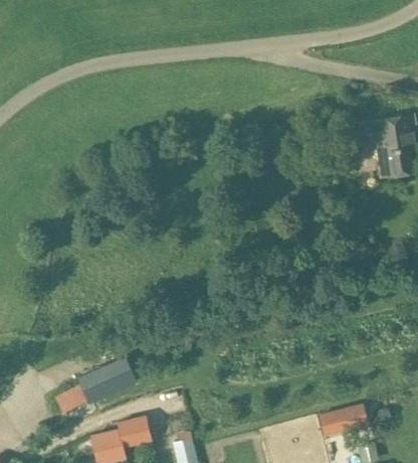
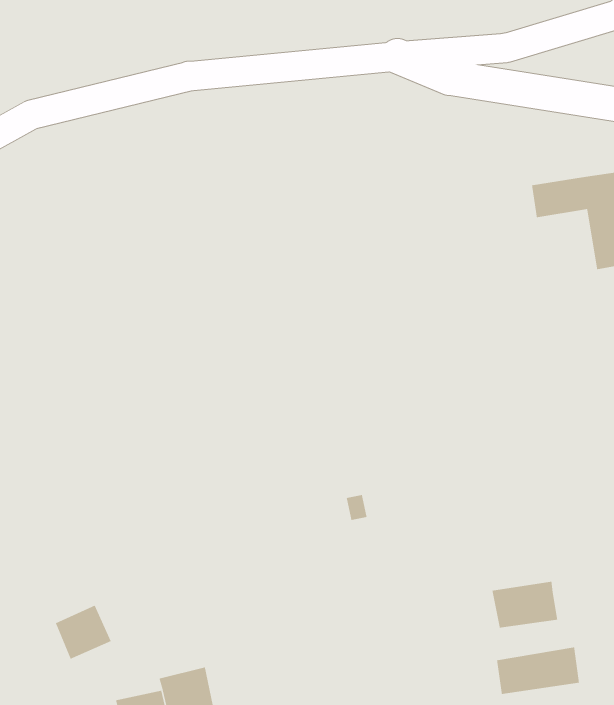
building: [90,358,133,397] -> none
building: none -> [491,581,558,628]

